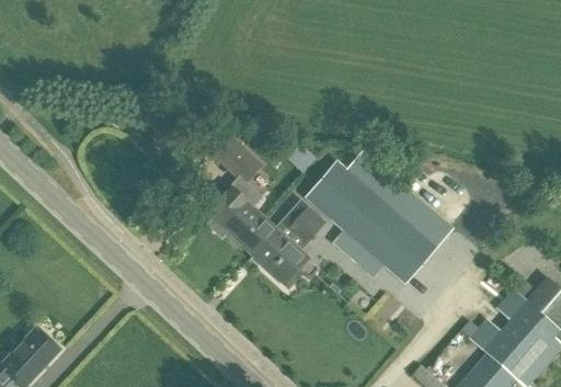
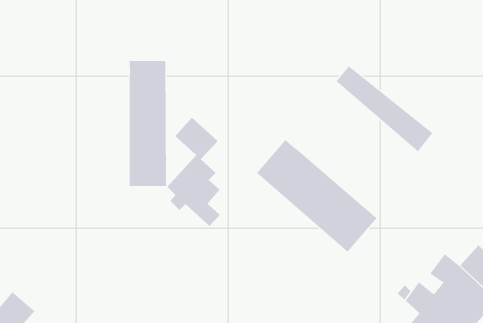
building: none -> [129,60,167,187]
building: [346,151,454,247] -> [335,66,433,152]
building: [252,200,324,288] -> none

